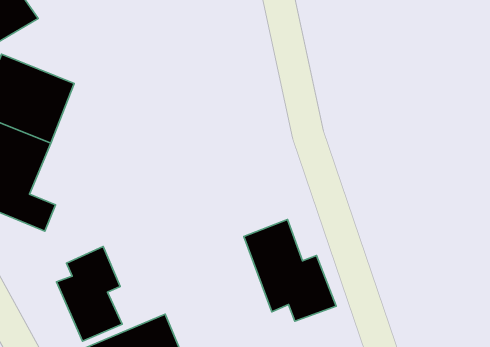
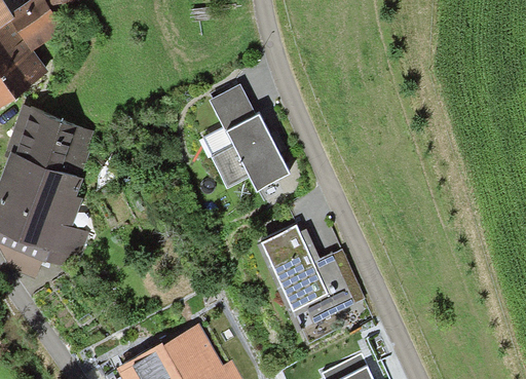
building: none -> [205,85,285,189]
building: [57,247,122,341] -> none

